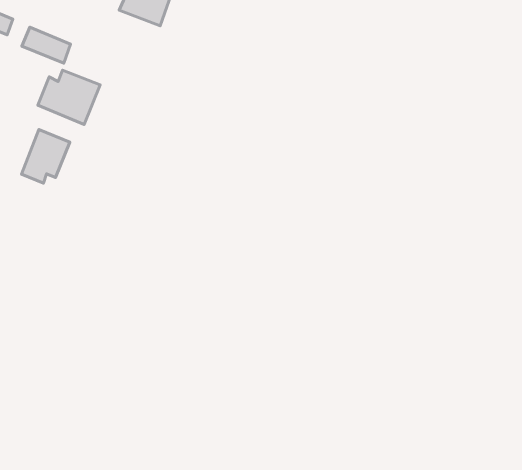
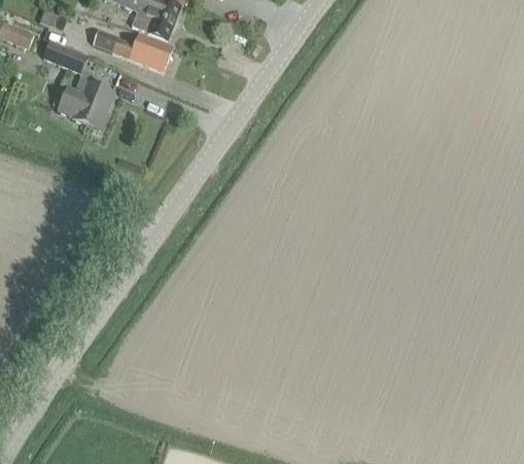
building: none -> [93,29,172,69]
building: [21,130,70,183] -> none

